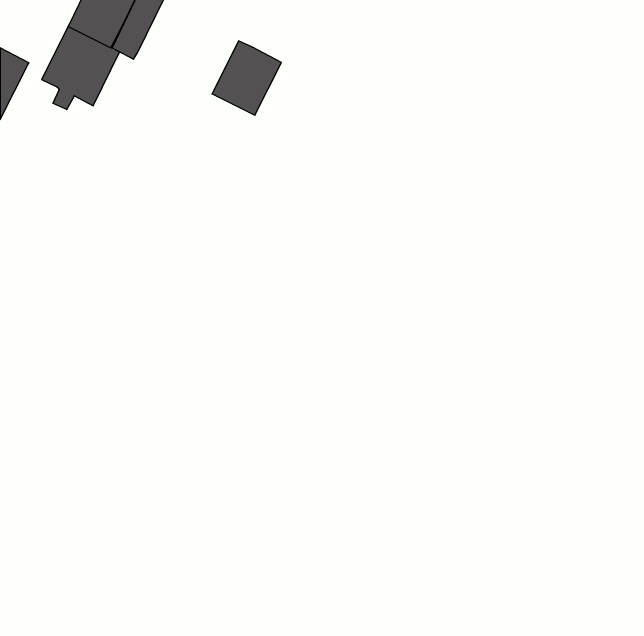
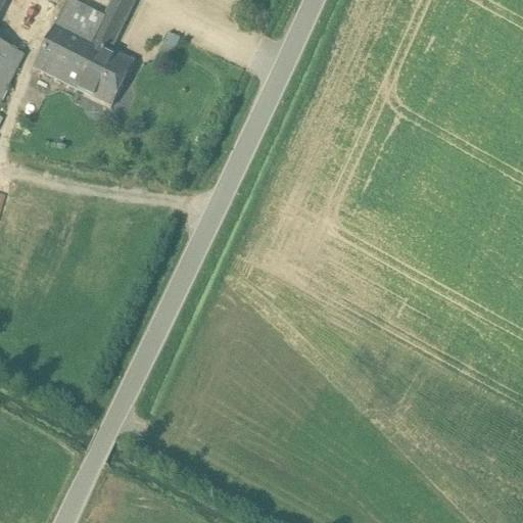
building: [212,41,281,115] -> [76,43,132,103]

